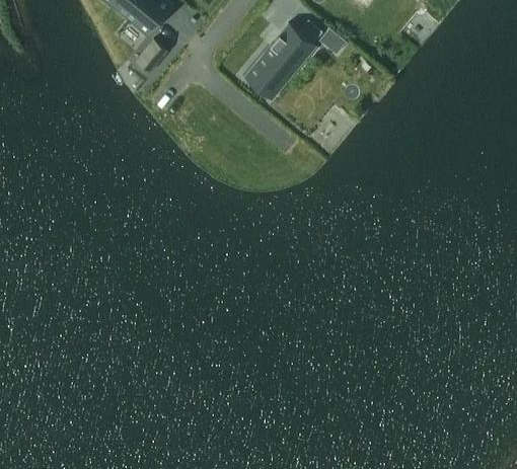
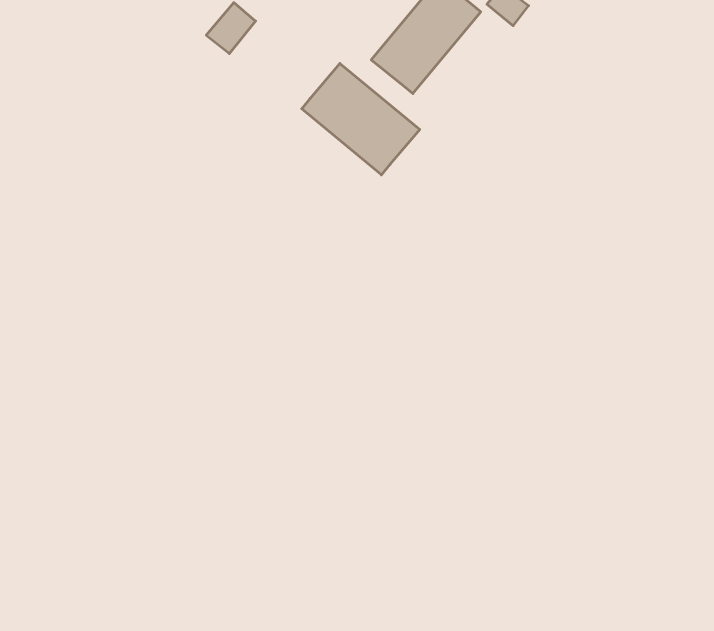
building: none -> [302,63,420,175]

